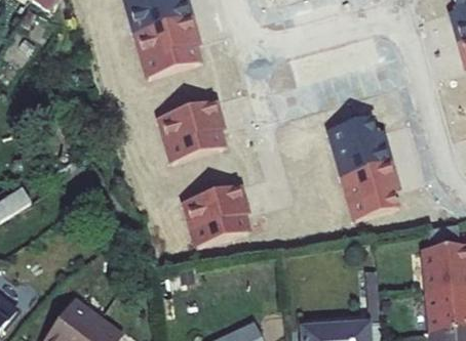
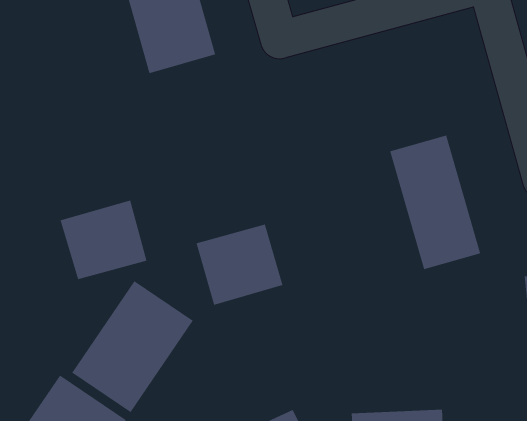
building: [155,99,221,160] -> [60,199,147,280]
building: none -> [71,280,194,413]

